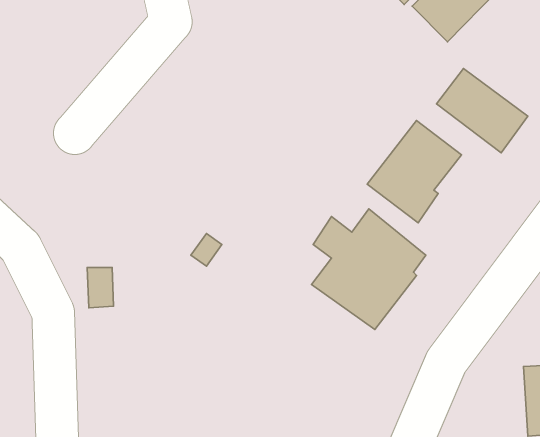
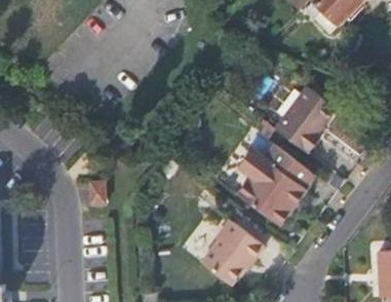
building: [437,69,528,153] -> none
building: none -> [202,218,265,284]

